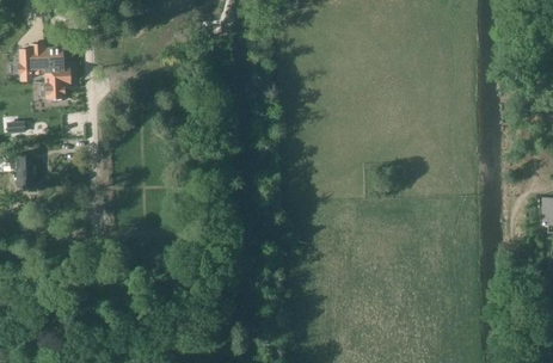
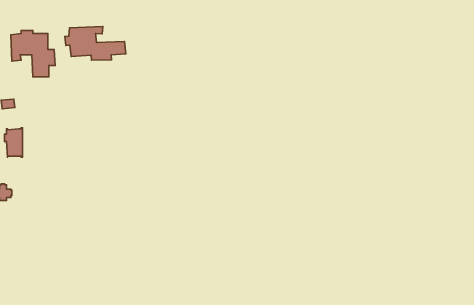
building: none -> [65,26,126,60]

